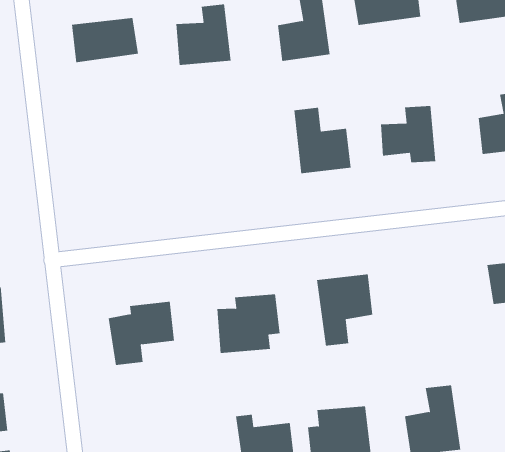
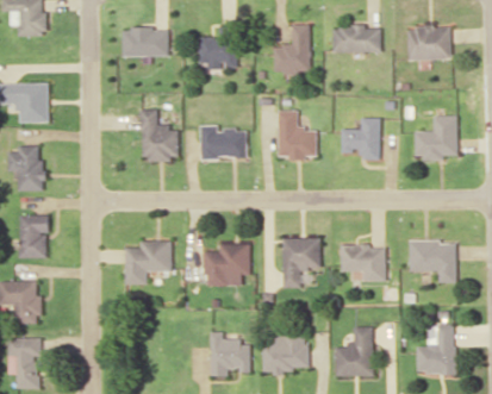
building: none -> [141,108,179,160]
building: none -> [200,125,247,158]
building: none -> [340,244,386,281]

